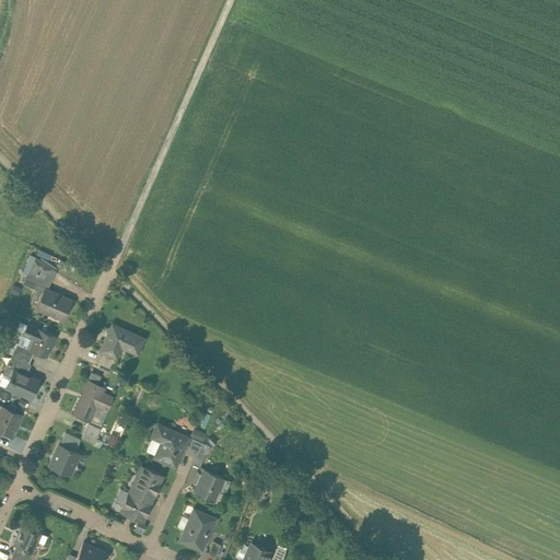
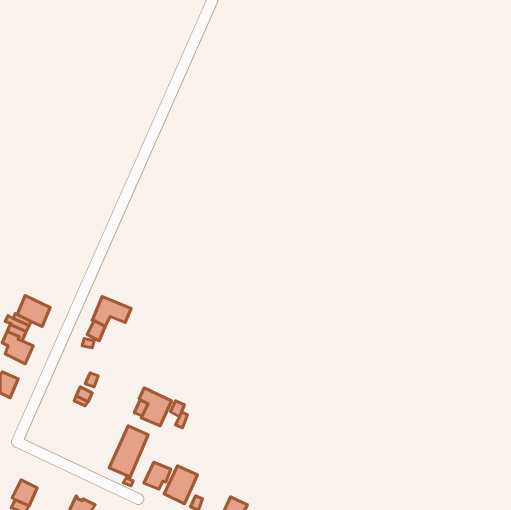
building: [24,256,59,290] -> none
building: [36,289,72,320] -> none
building: [74,381,113,421] -> none
building: [50,445,80,476] -> none
building: [195,471,224,501] -> [144,462,171,489]

